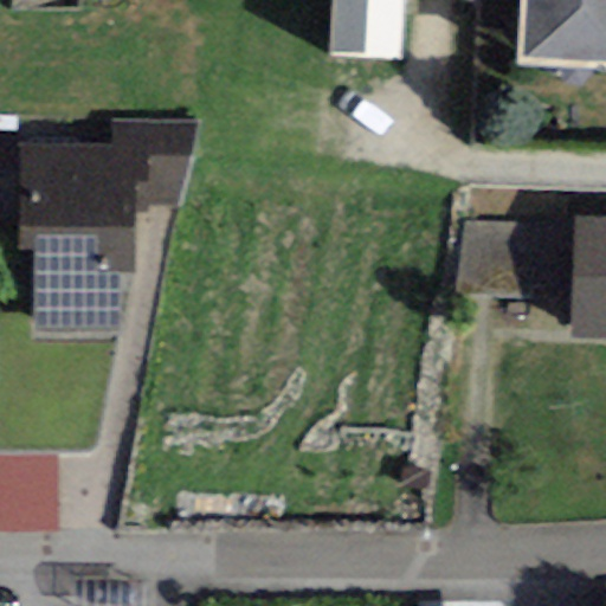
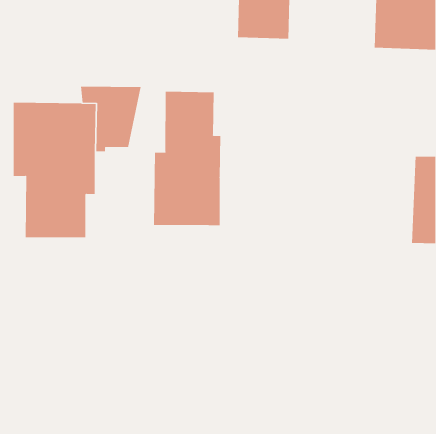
building: none -> [153,91,221,226]
building: [456,219,534,290] -> none

